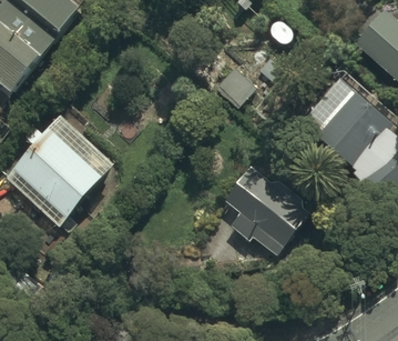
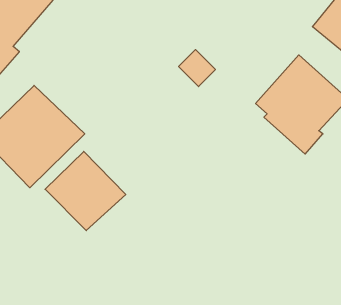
building: [226,172,306,257] -> none
building: none -> [45,151,126,231]

